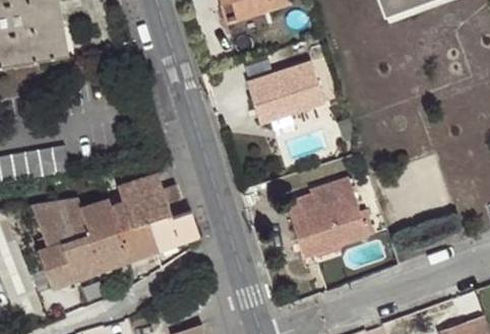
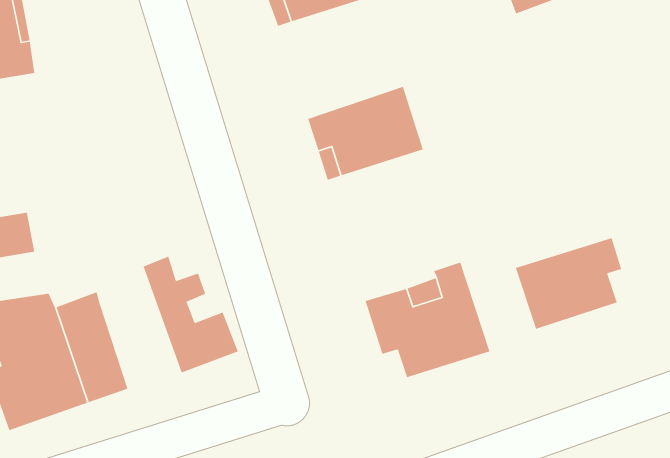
building: none -> [515,237,622,330]
building: [111,181,164,261] -> none

